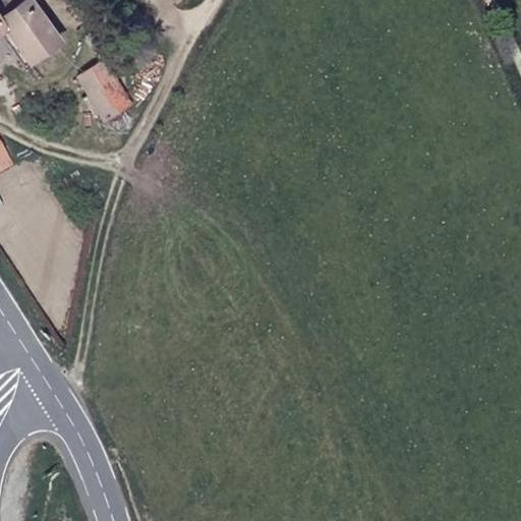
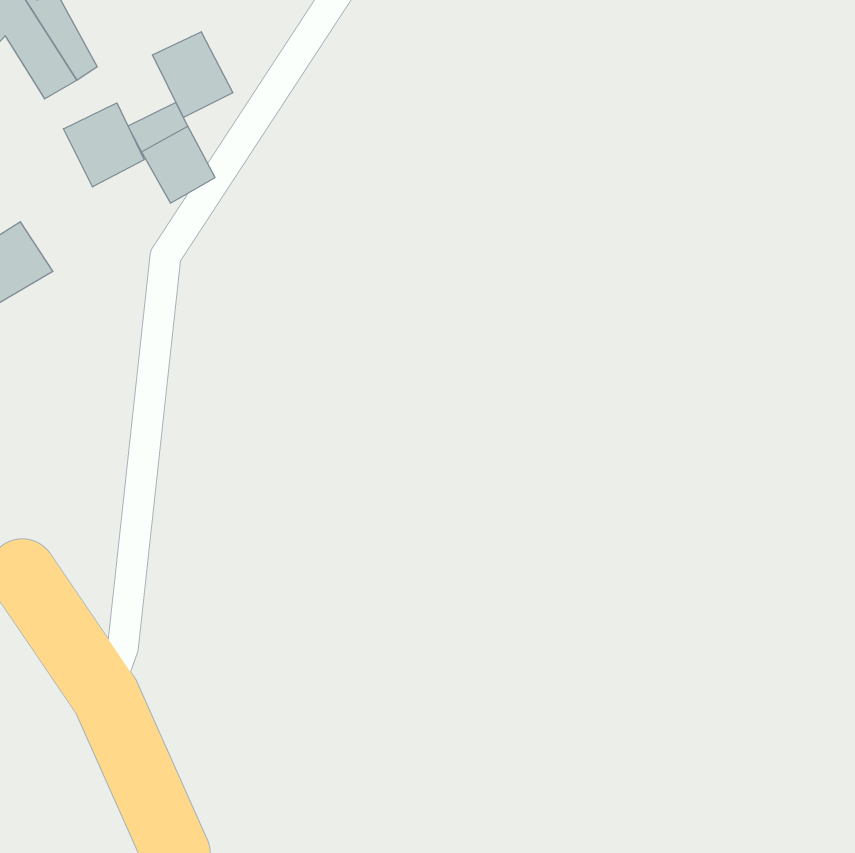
building: none -> [153,32,233,118]
building: none -> [63,103,144,187]

